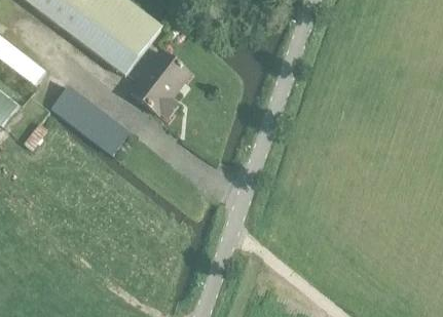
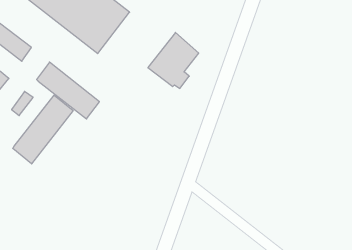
building: [127,51,188,118] -> [148,32,199,88]
building: none -> [13,95,73,164]

